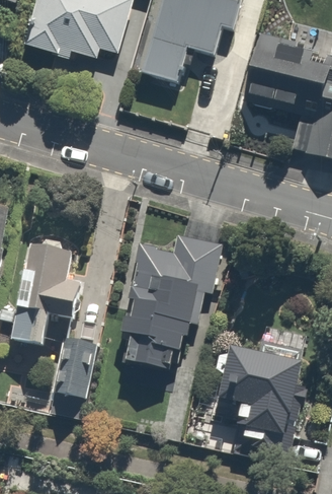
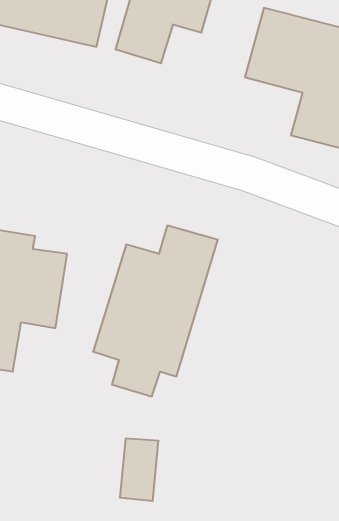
building: [220,337,310,441] -> none
building: [59,343,92,397] -> [120,439,159,501]

